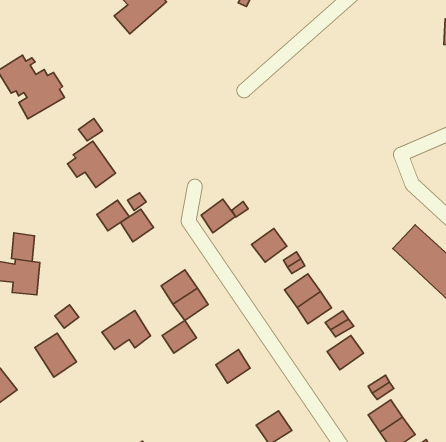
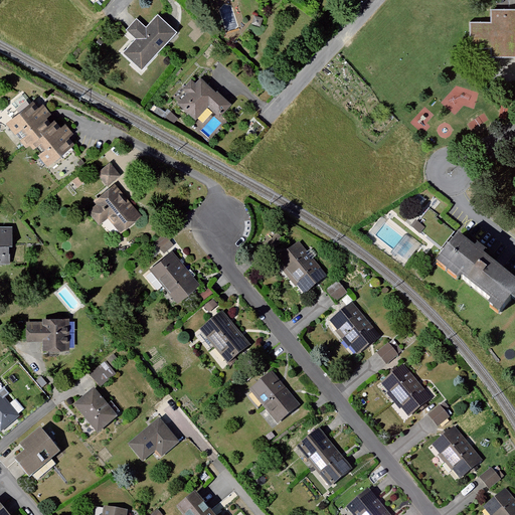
building: none -> [177,76,232,119]
building: [201,199,235,233] -> [276,240,312,277]
building: [97,200,129,231] -> [165,269,199,302]
building: [11,233,35,262] -> none
building: [102,310,150,350] -> [127,418,178,462]
building: [162,321,196,353] -> [250,371,287,406]
building: none -> [395,379,434,416]
building: none -> [297,427,335,466]

